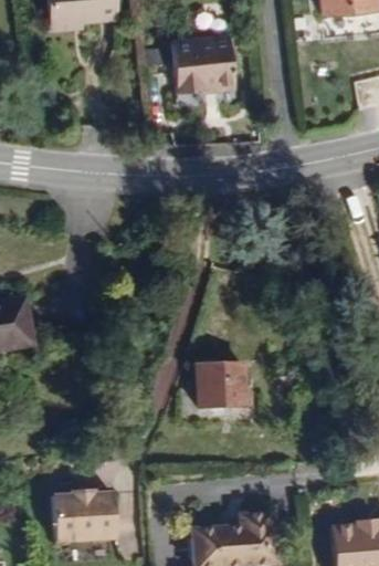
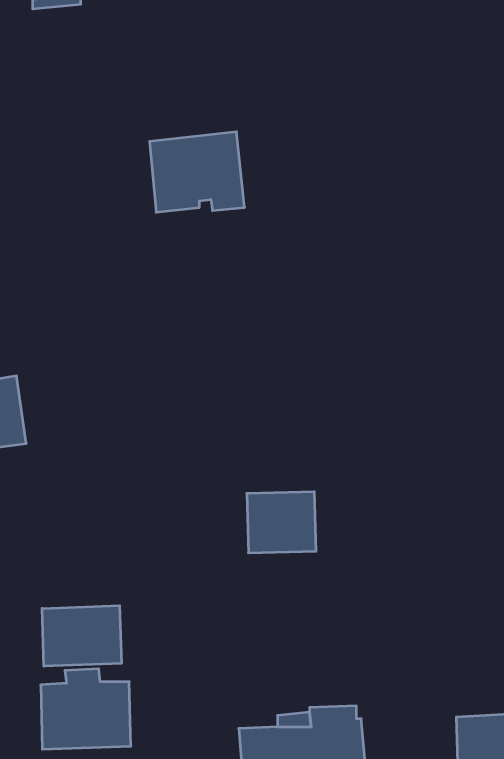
building: [169,39,234,94] -> [150,132,245,212]
building: none -> [42,606,121,666]

